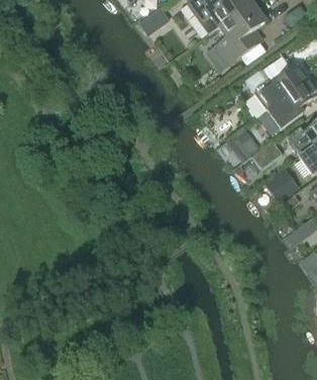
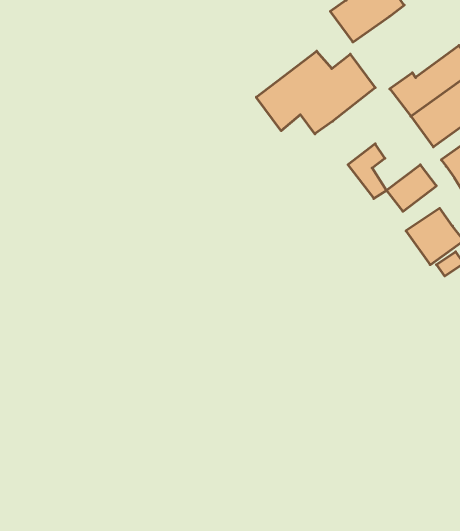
building: none -> [256,51,375,134]

